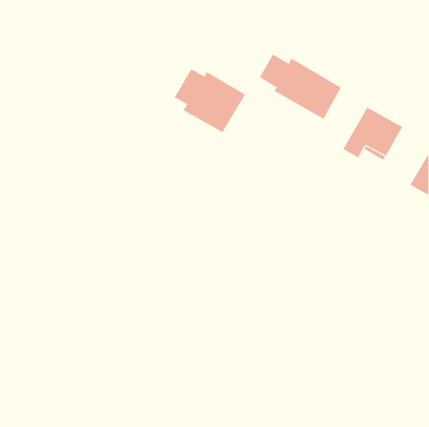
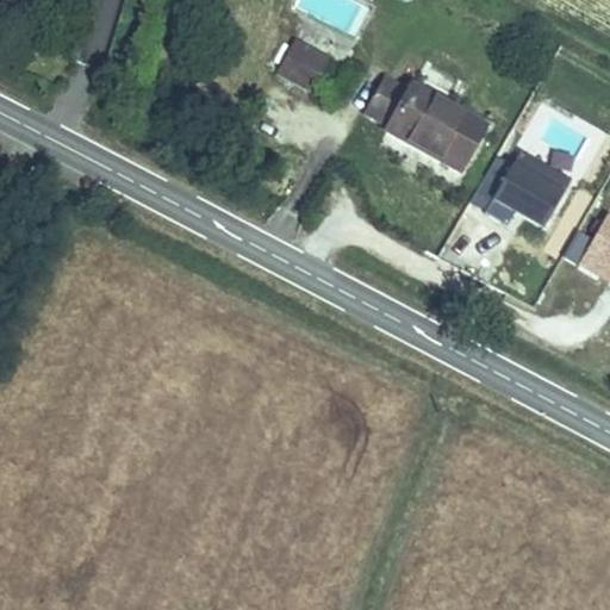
building: none -> [279,31,330,82]
building: [174,69,246,133] -> none

